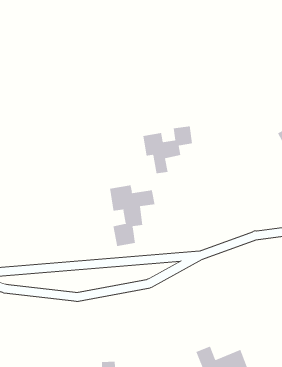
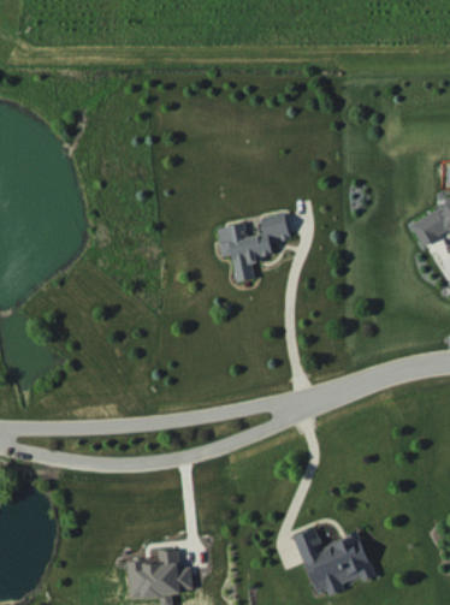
building: [109,185,155,247] -> none

